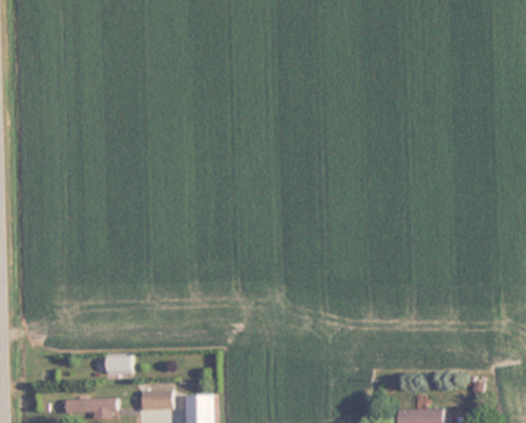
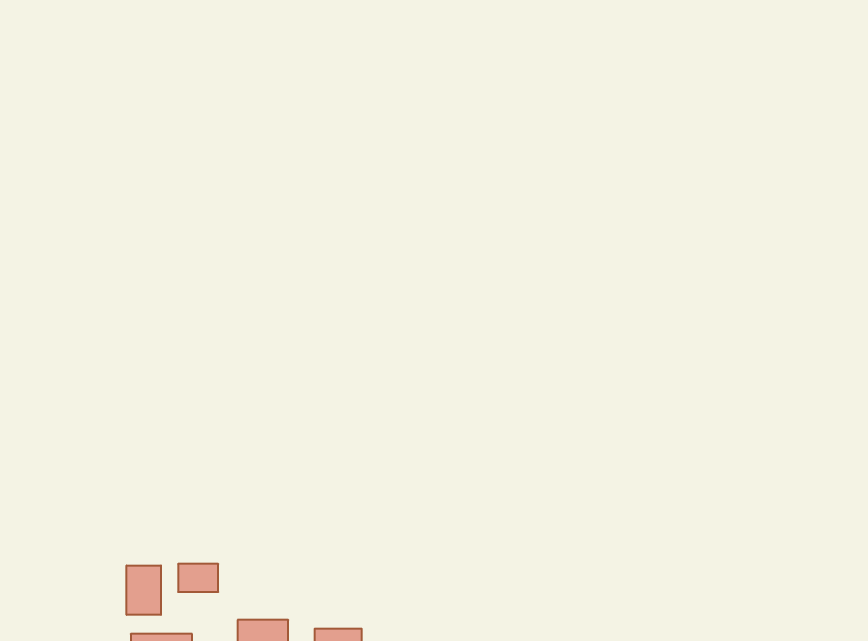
building: none -> [127,565,161,615]

